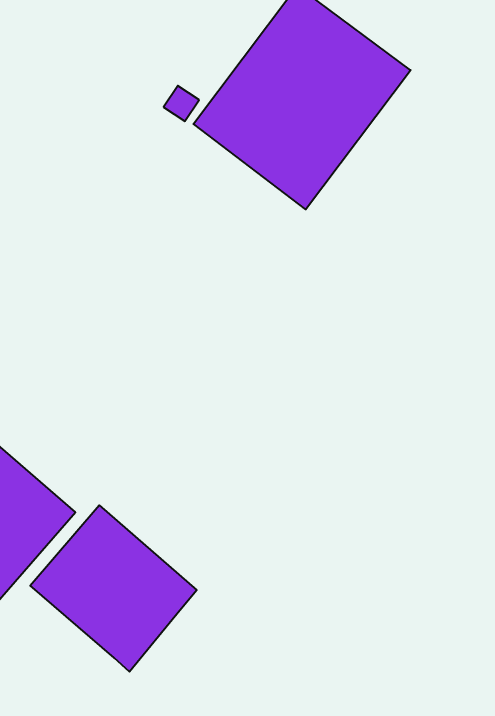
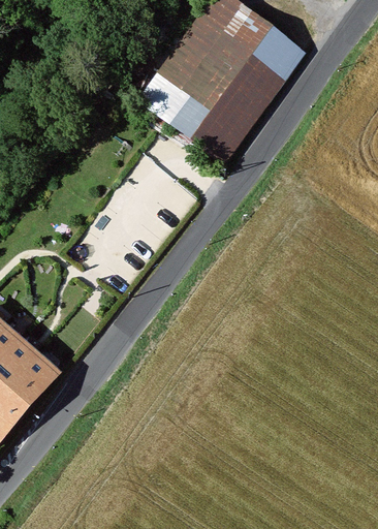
building: [30,505,197,672] -> none

